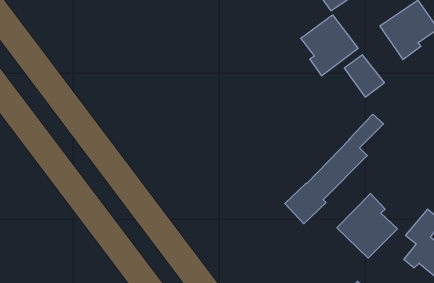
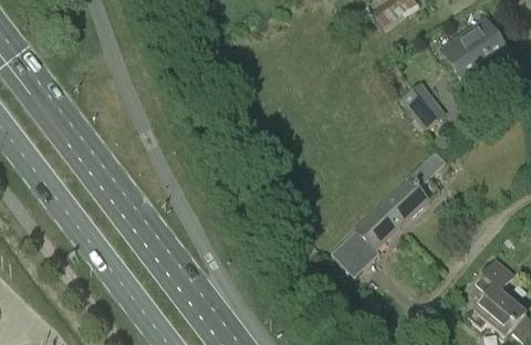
building: [301,15,358,76] -> none
building: [337,194,397,258] -> none

